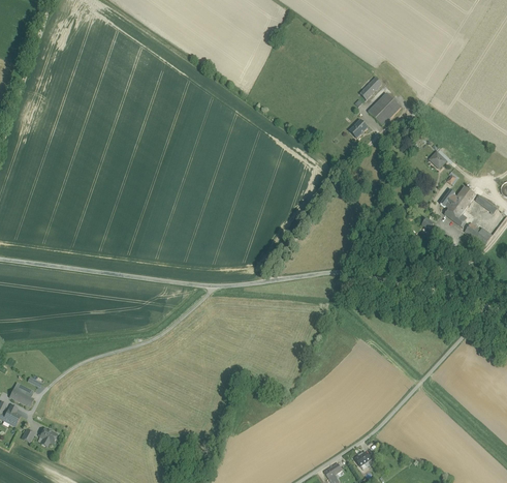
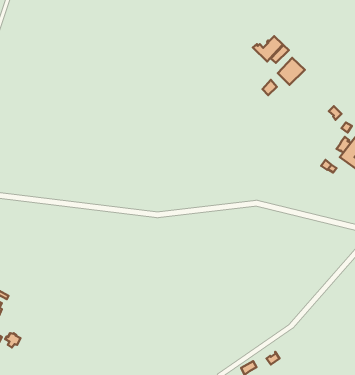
building: none -> [253,36,283,62]

